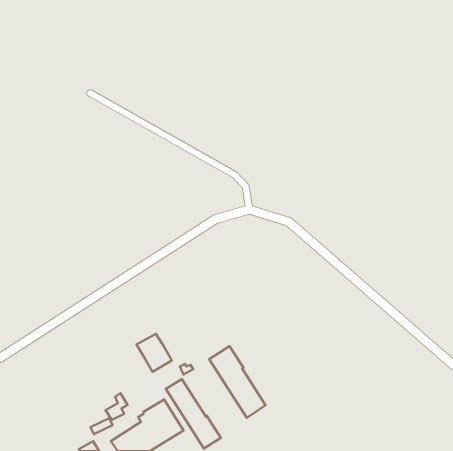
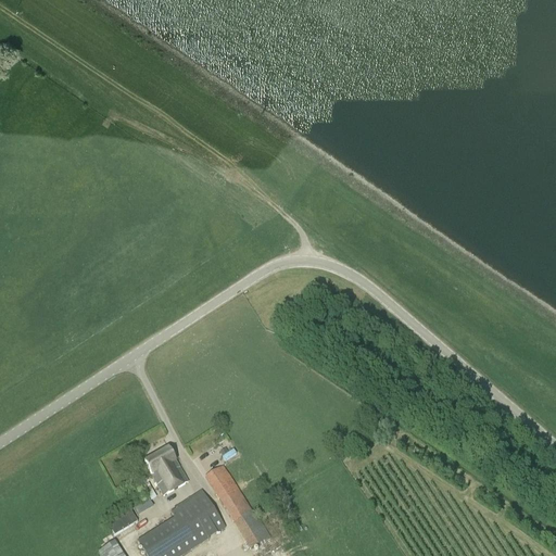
building: [136,334,172,372] -> [143,447,187,494]
building: [209,346,266,418] -> none

